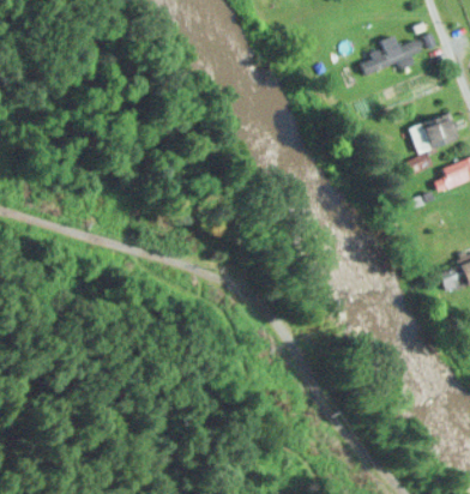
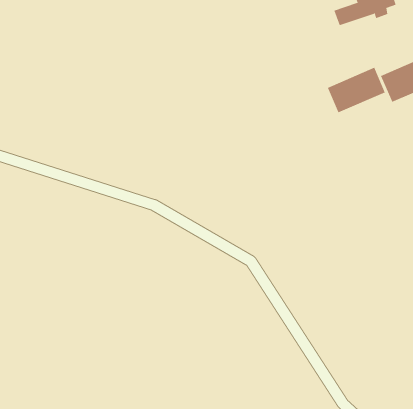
building: none -> [327,67,386,113]

